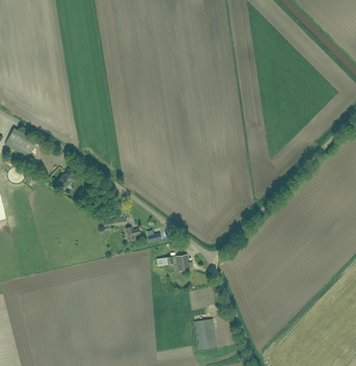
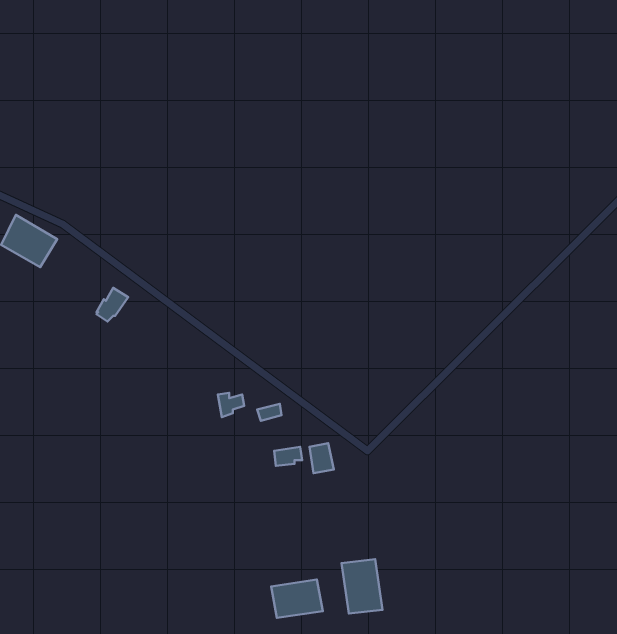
building: none -> [271,580,323,618]

